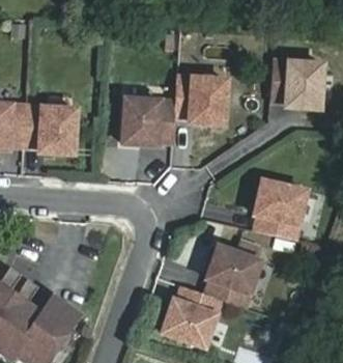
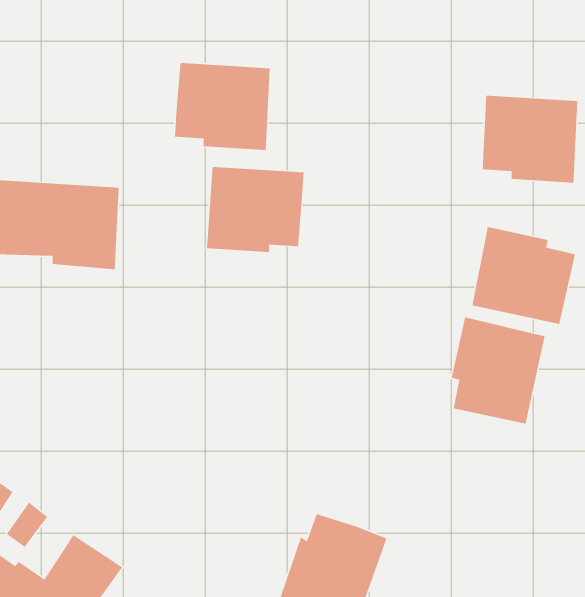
building: [174,76,226,123] -> [174,62,270,151]
building: none -> [471,226,576,325]
building: [204,244,259,305] -> none

